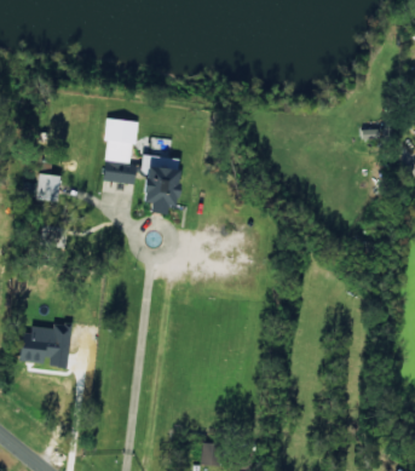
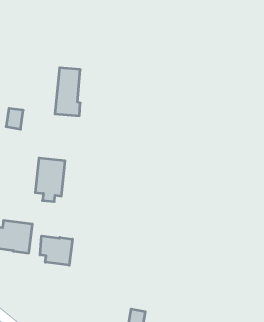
building: [140,155,180,213] -> [35,158,65,202]
building: none -> [40,236,72,265]

